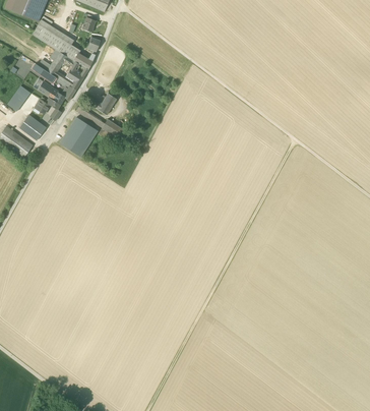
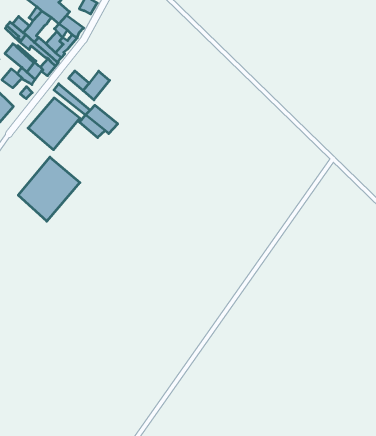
building: none -> [18,157,80,221]

